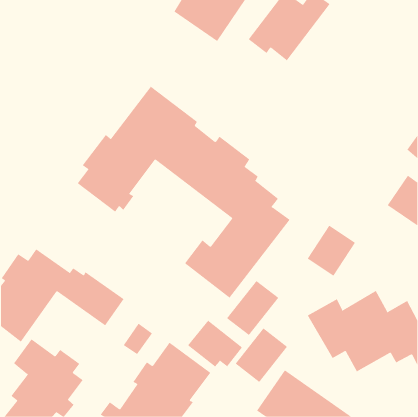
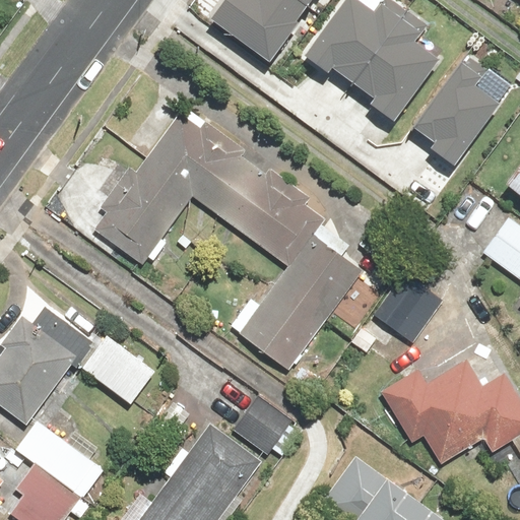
building: none -> [356,5,443,114]
building: none -> [413,52,500,160]
building: [226,280,279,336] -> none
building: [235,328,288,383] -> none

